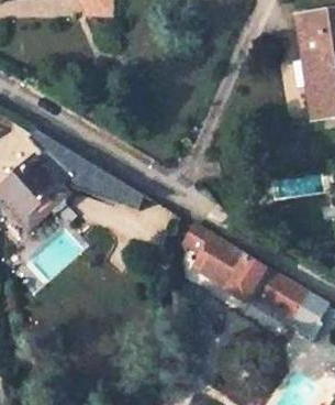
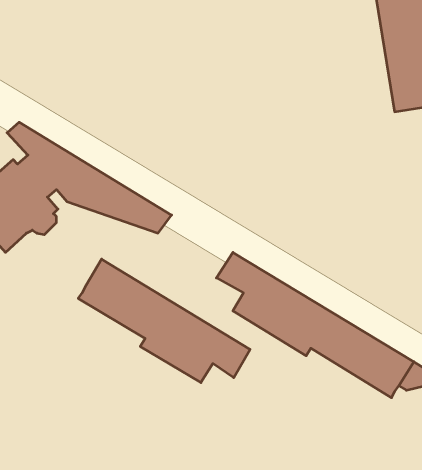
building: none -> [78,259,250,383]

